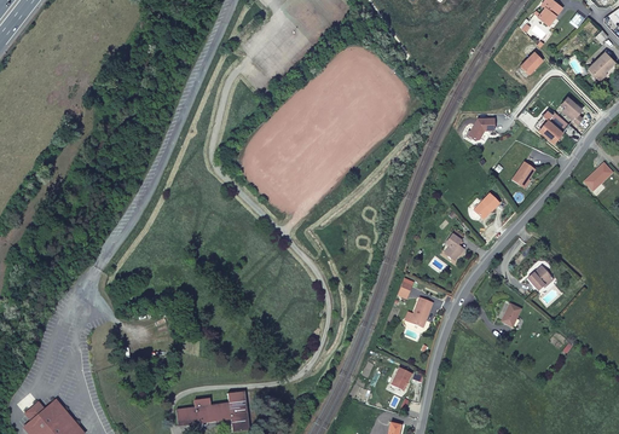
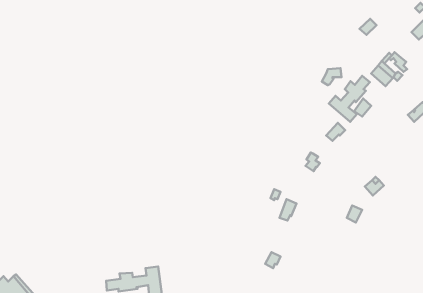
building: none -> [329,76,370,122]

